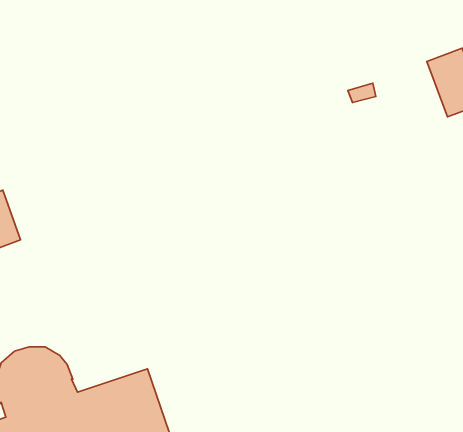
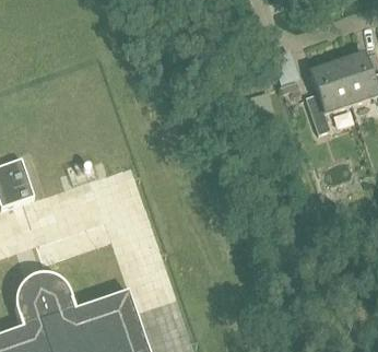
building: none -> [308,60,353,131]

